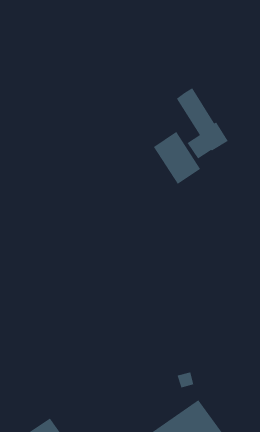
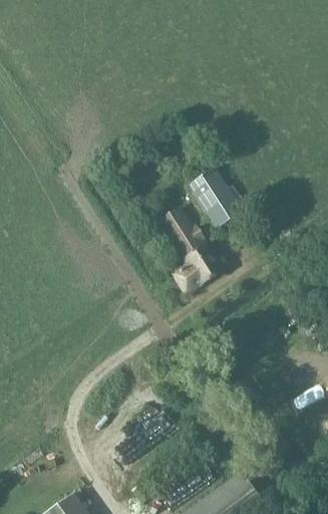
building: [176,87,229,160] -> [162,209,223,291]

